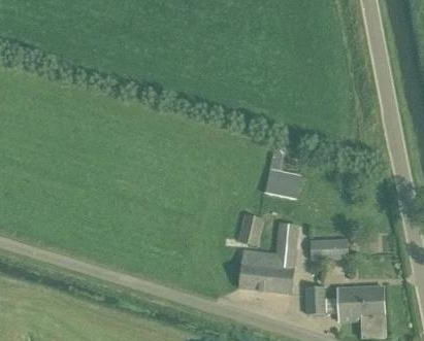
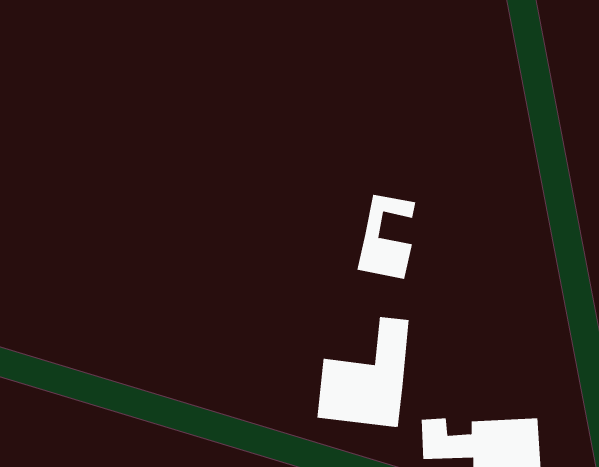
building: [237,213,262,245] -> none
building: [309,239,347,259] -> none

